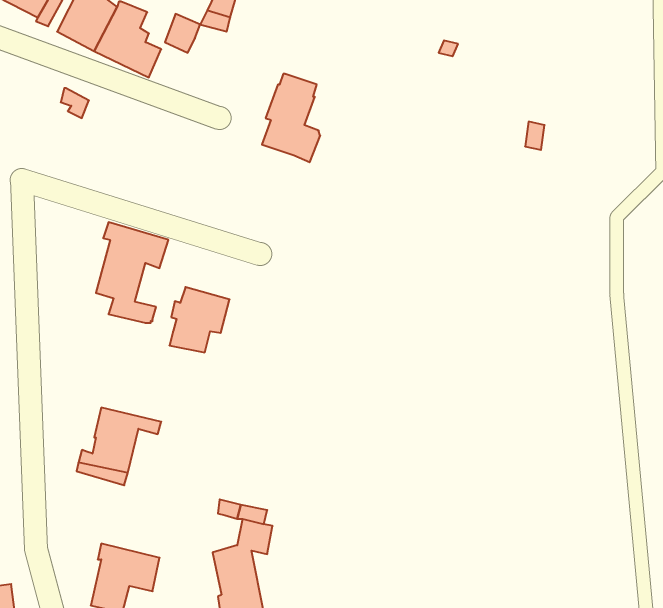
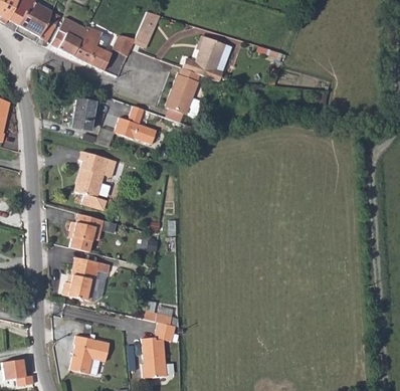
building: none -> [181,36,232,80]
building: none -> [72,99,95,129]
building: none -> [117,106,159,143]
building: [169,287,230,352] -> [68,214,103,251]

